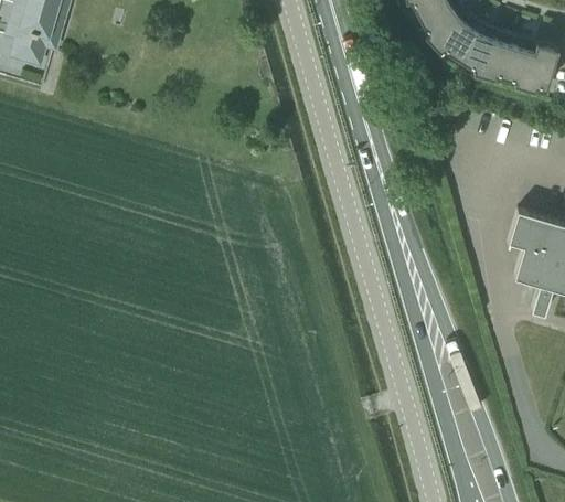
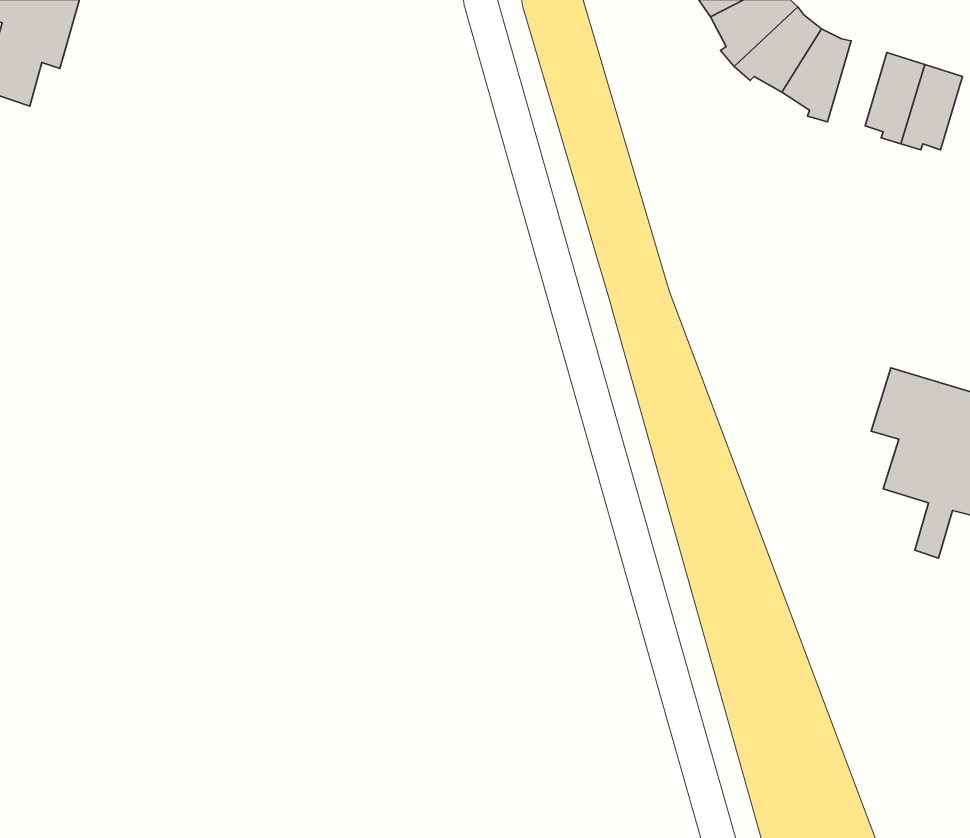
building: [483,31,516,79] -> none

